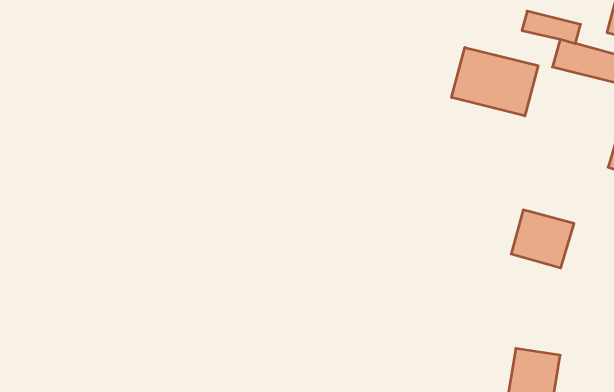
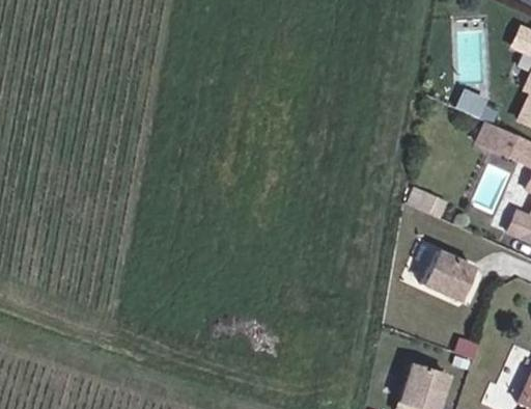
building: [452,47,538,116] -> none

